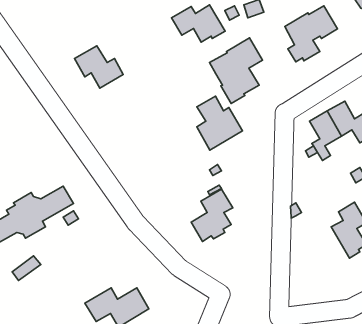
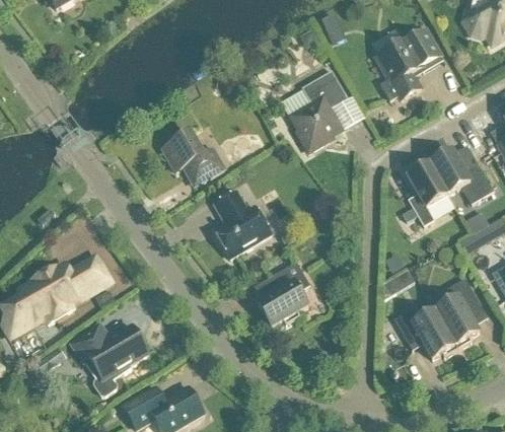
building: [171,5,225,42] -> none
building: [74,46,123,88] -> [162,131,224,185]
building: [197,96,243,150] -> [214,190,272,258]
building: none -> [394,307,458,358]
building: none -> [71,321,149,394]

